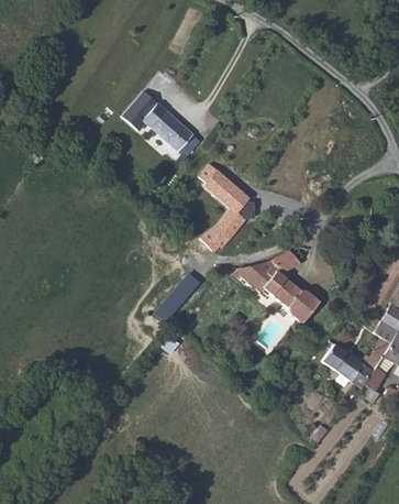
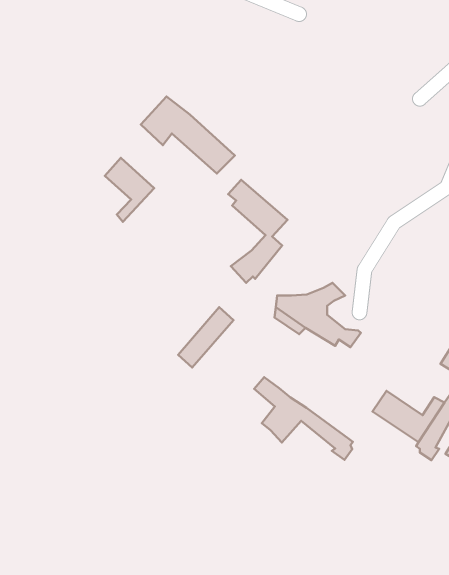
building: none -> [105,158,154,222]
building: [289,293,321,324] -> none
building: none -> [254,377,353,460]

